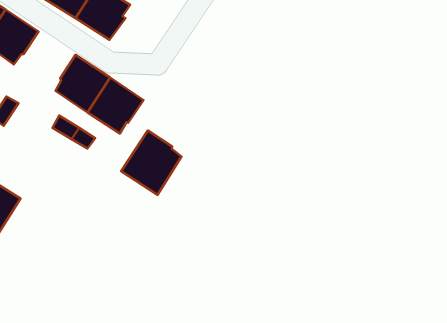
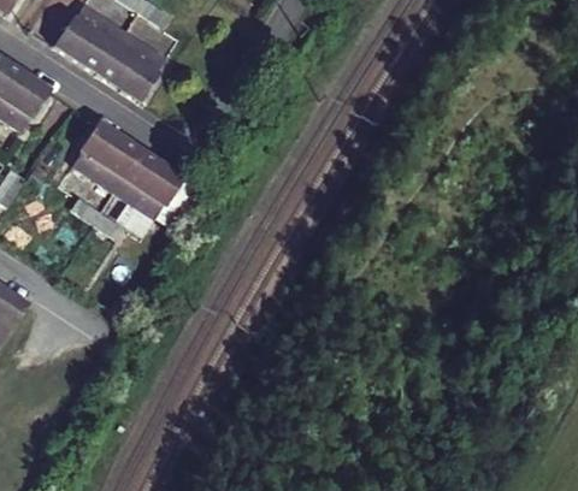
building: [121,130,181,195] -> none

